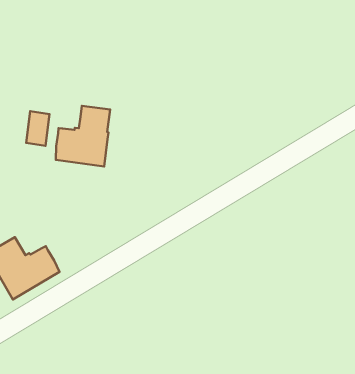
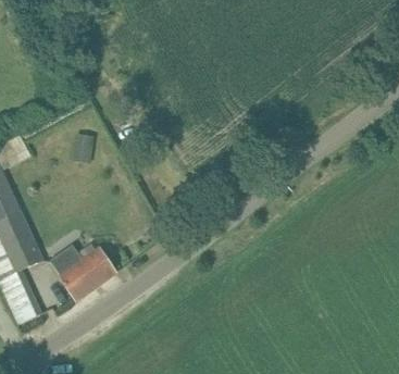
building: [56,106,110,166] -> none

